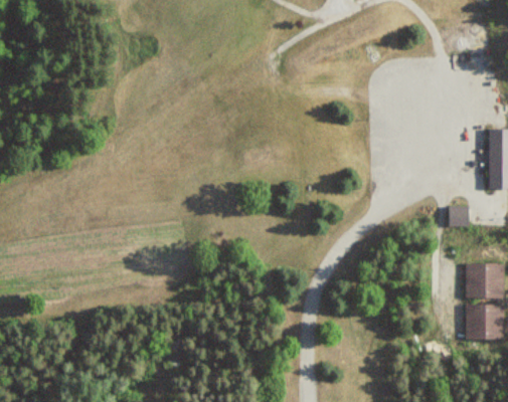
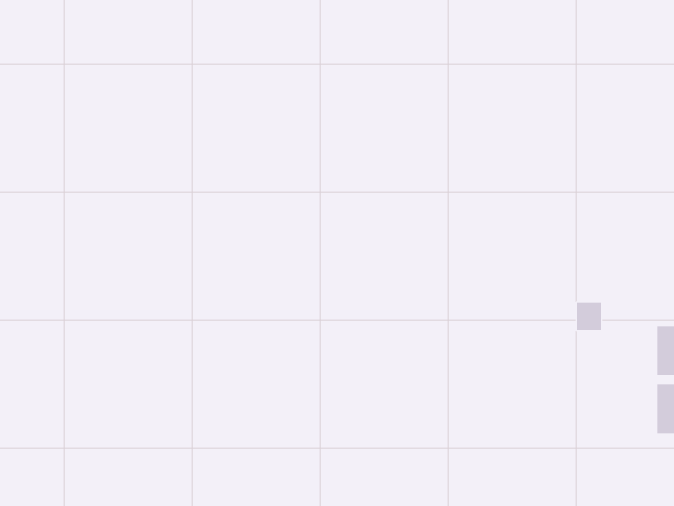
building: [451,206,469,226] -> [576,302,602,331]

